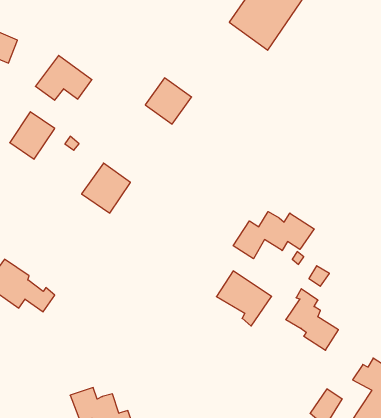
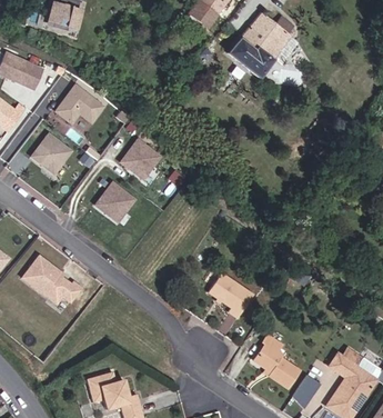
building: [145,78,192,124] -> [122,138,162,178]
building: [233,212,314,259] -> none
building: [286,289,338,350] -> [253,332,299,386]

